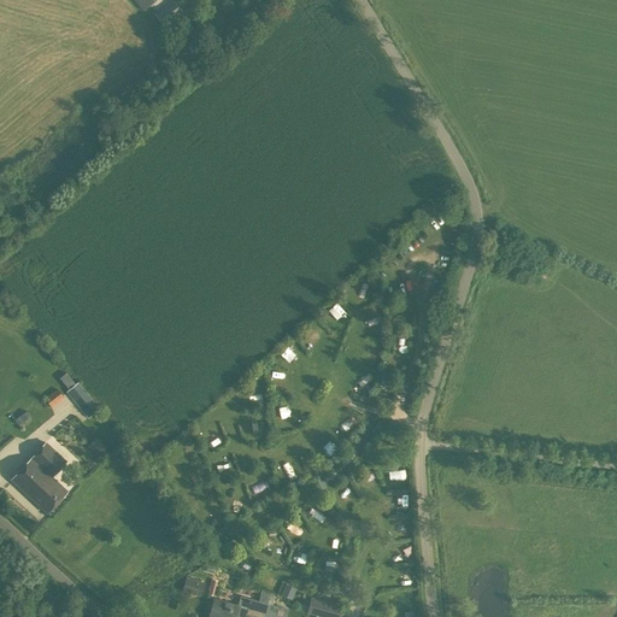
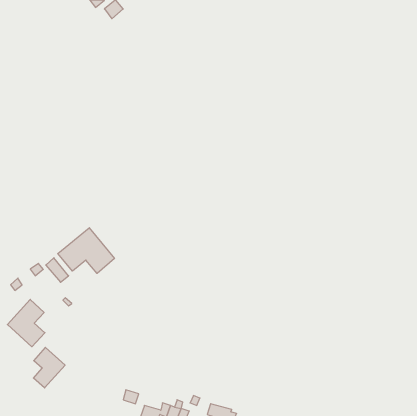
building: none -> [58,228,114,273]
building: none -> [33,347,65,388]

